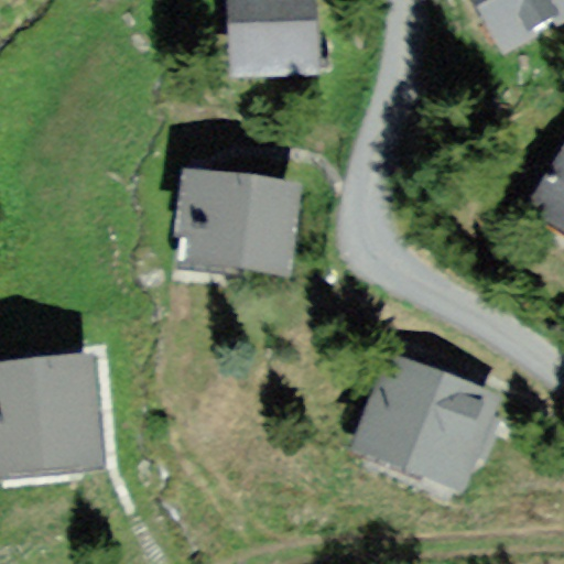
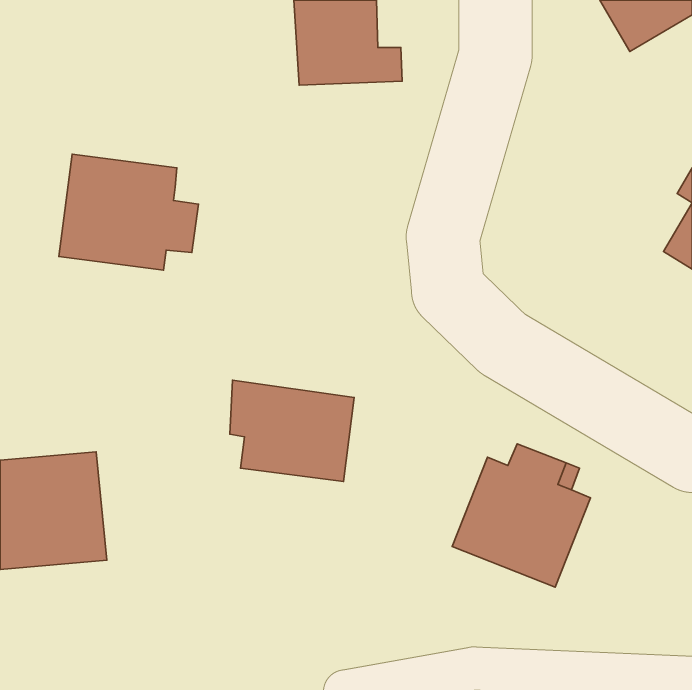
building: none -> [59,154,199,270]
building: [186,183,288,265] -> [230,380,354,482]

